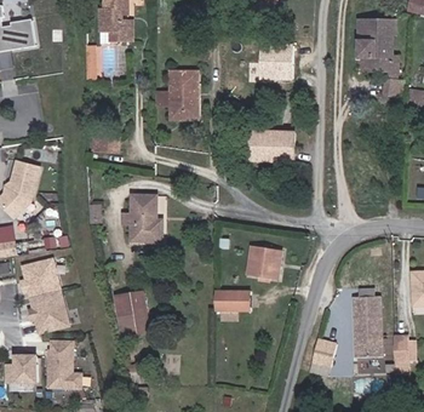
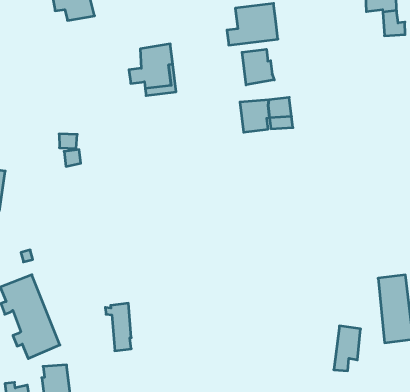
building: none -> [242,49,274,85]
building: [131,195,161,241] -> none
building: [245,242,280,276] -> none
building: [214,284,250,304] -> none

